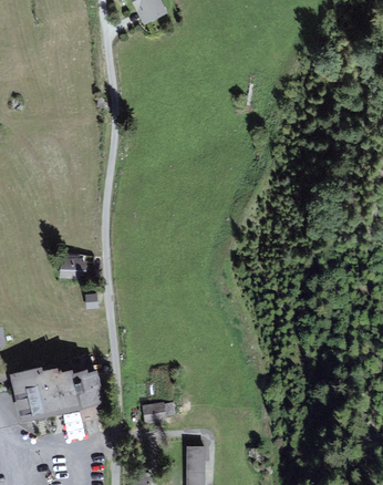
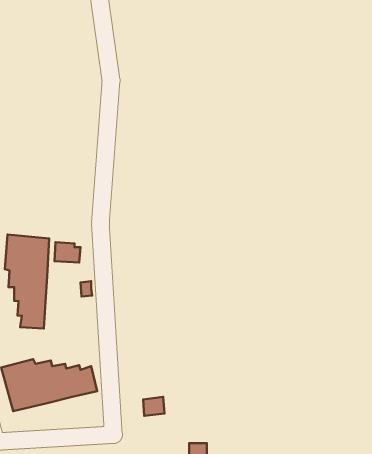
building: none -> [5,235,49,329]

